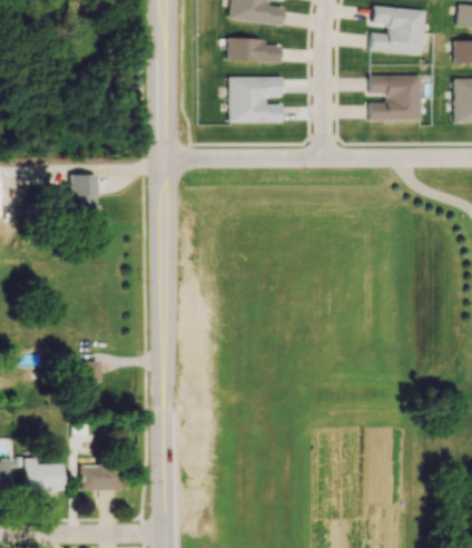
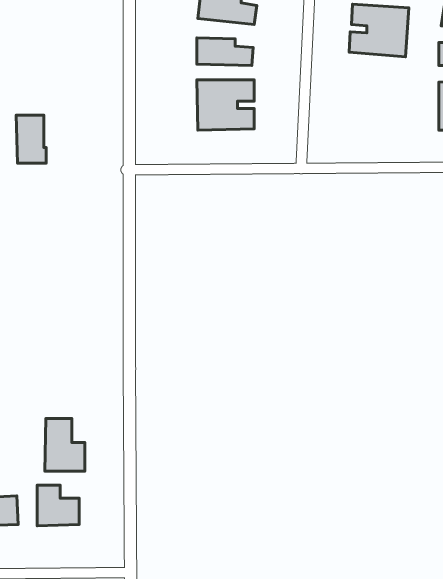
building: [368,75,421,120] -> none
building: [72,175,100,219] -> [16,115,46,163]
building: none -> [45,418,85,471]

